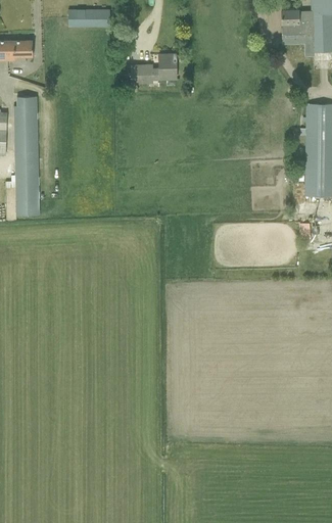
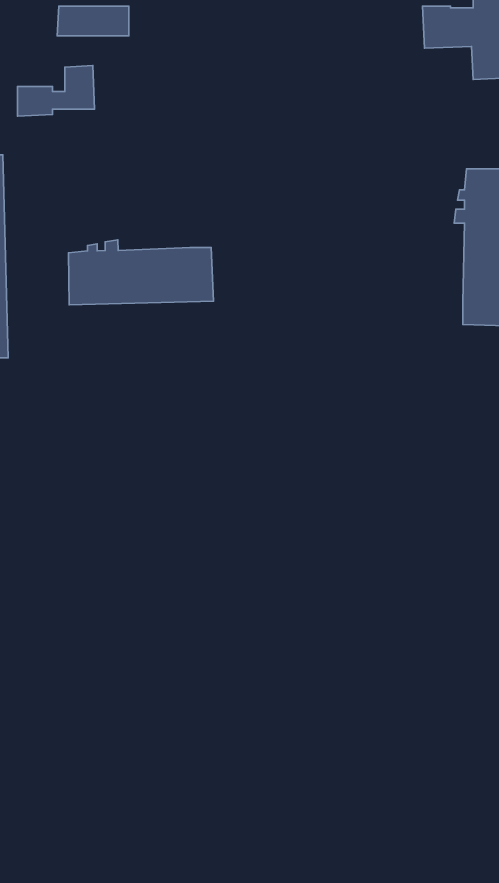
building: [131,53,176,83] -> [18,65,94,116]
building: none -> [68,240,214,305]

